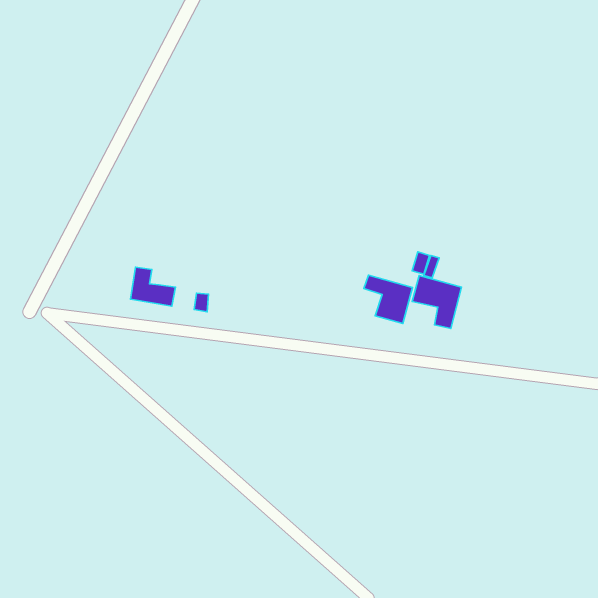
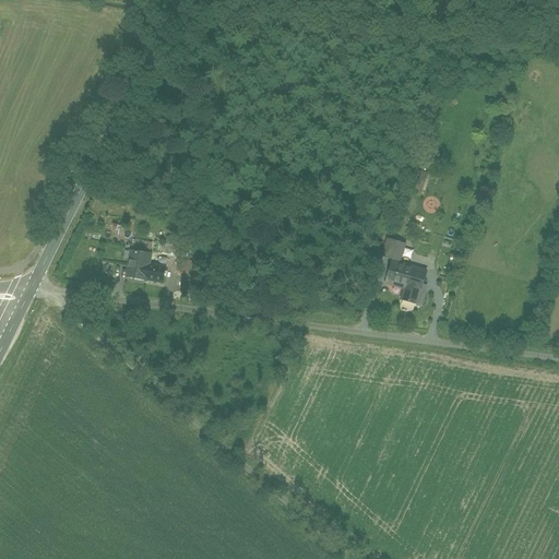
building: [364,275,412,323] -> none

